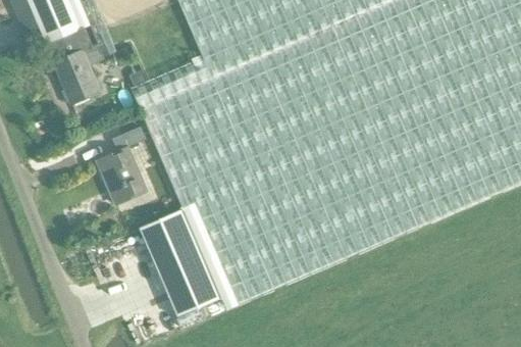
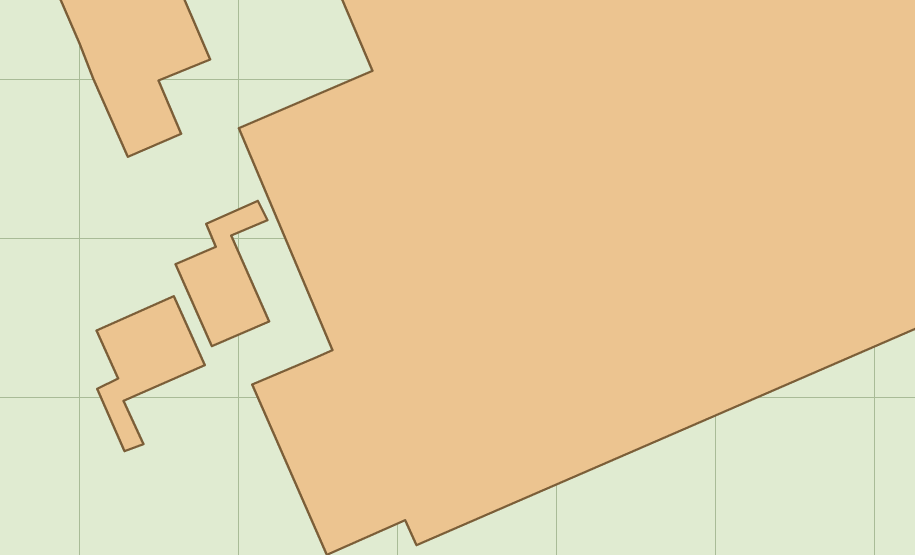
building: none -> [96,296,205,451]

